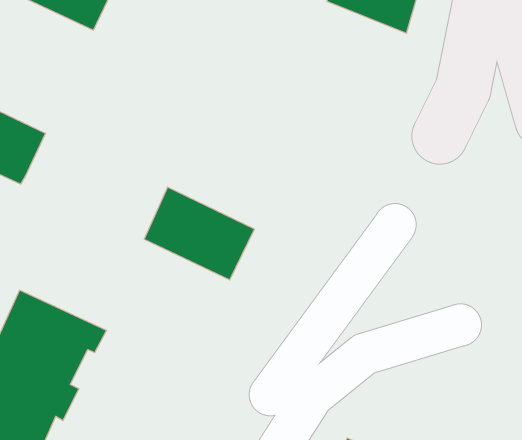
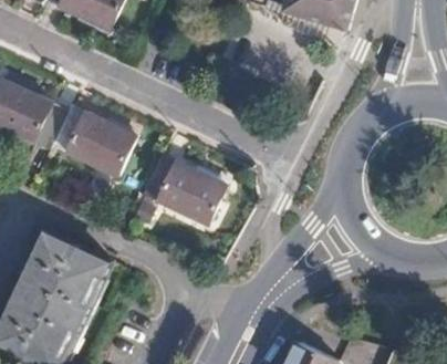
building: none -> [52,103,134,174]

